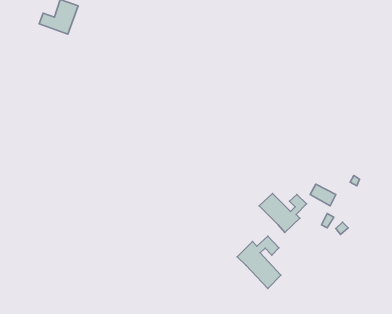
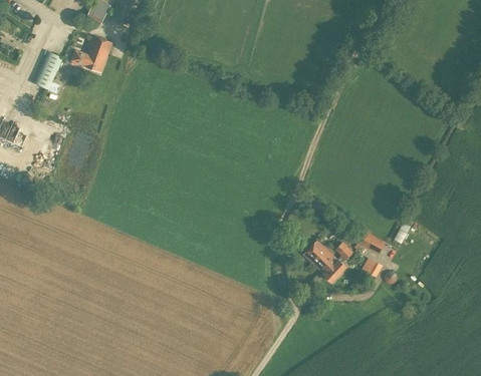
building: none -> [33,50,62,88]
building: [237,236,281,288] -> none

